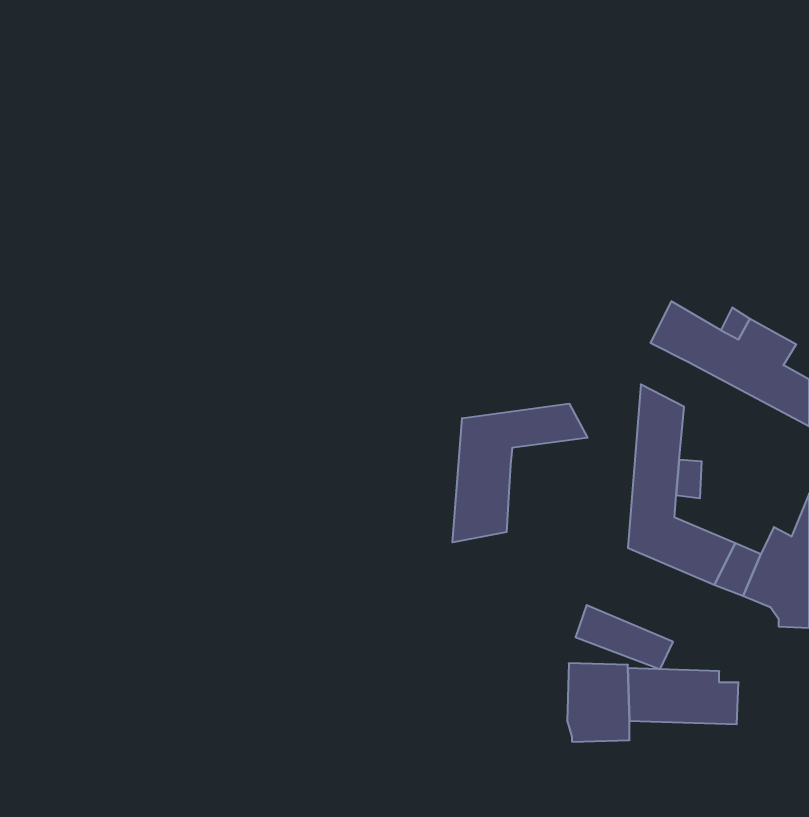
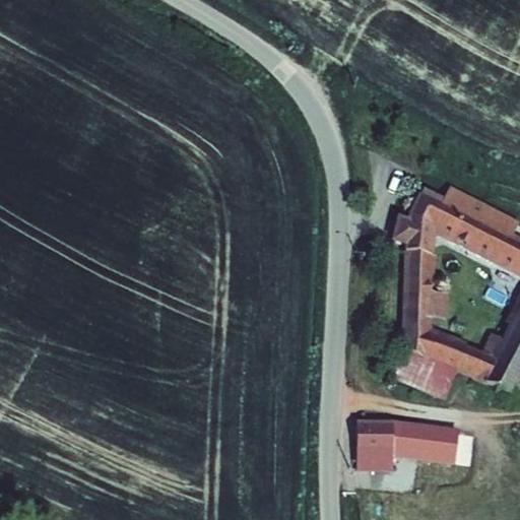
building: none -> [393,213,437,258]
building: [452,404,587,542] -> none
building: [575,605,673,669] -> [391,347,453,388]

